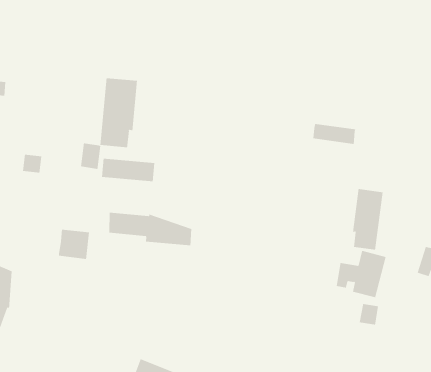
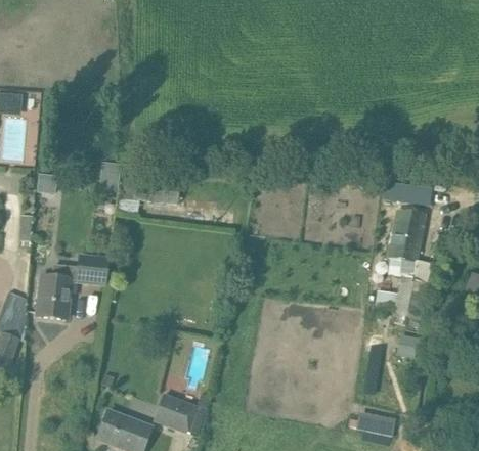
building: [100,78,137,148] -> none
building: [313,123,356,144] -> [384,182,431,205]
building: [109,212,192,246] -> none
building: none -> [37,264,77,319]

